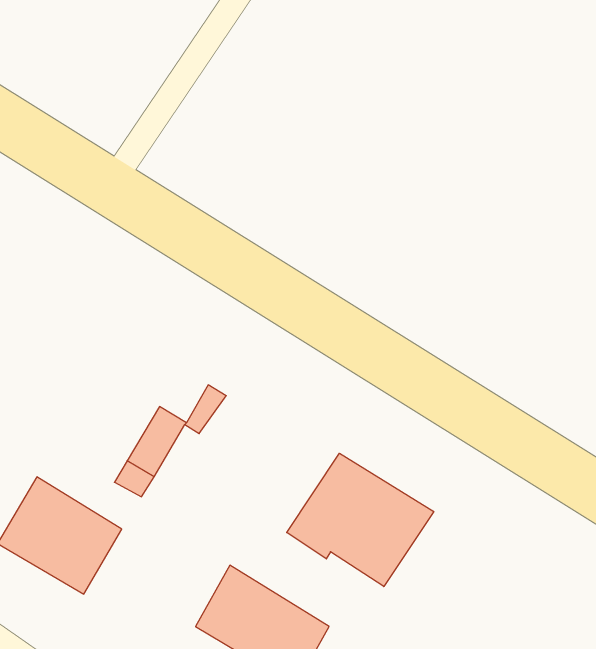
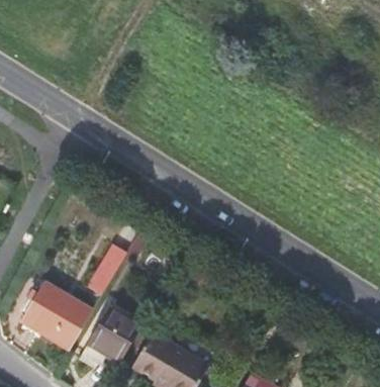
building: [287,453,434,587] -> none
building: none -> [87,308,140,363]

